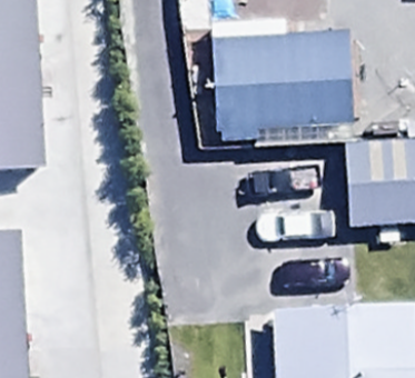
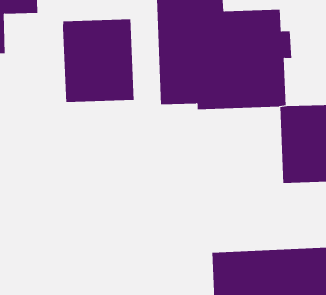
building: none -> [62,18,134,103]

